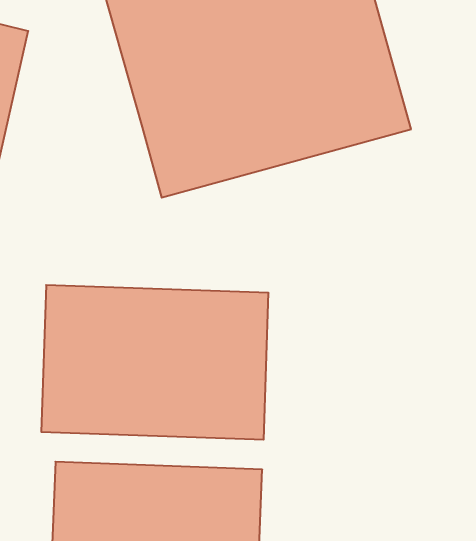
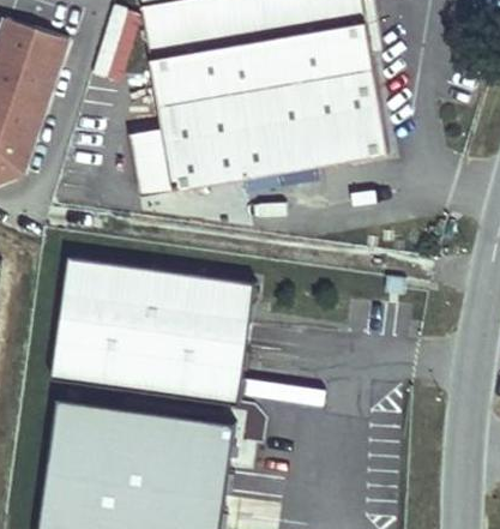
building: none -> [127,128,169,196]

